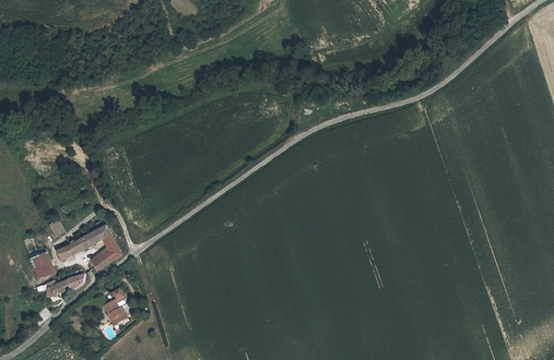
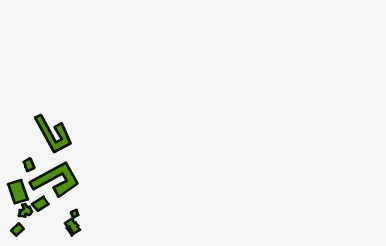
building: none -> [35,115,70,152]

